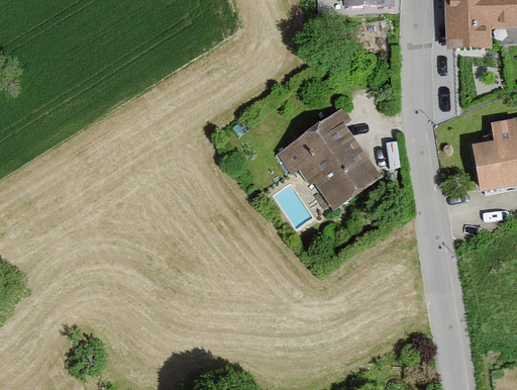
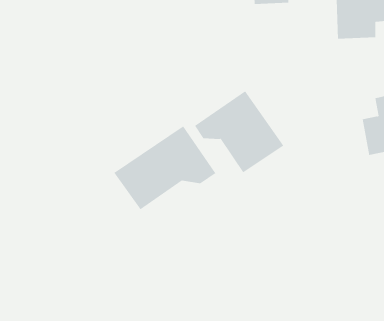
building: none -> [114,125,216,210]

